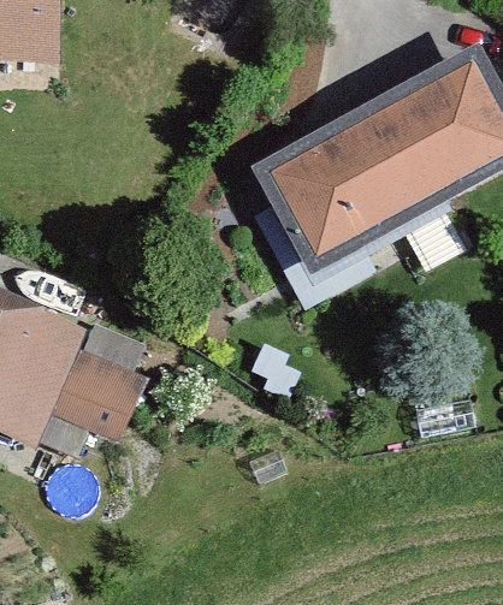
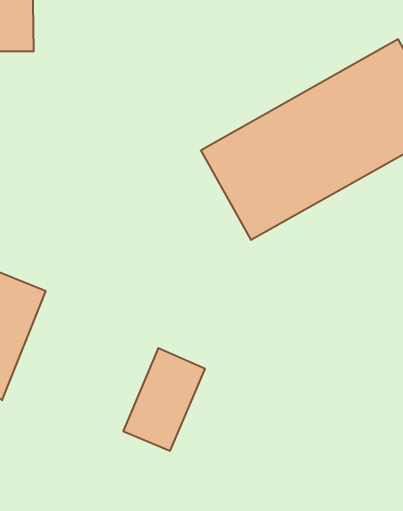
building: [53,321,143,434] -> [123,348,205,451]

